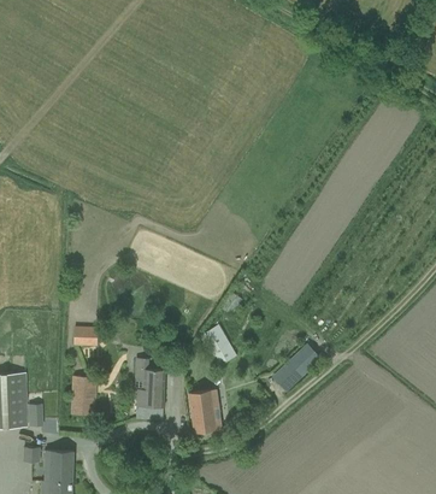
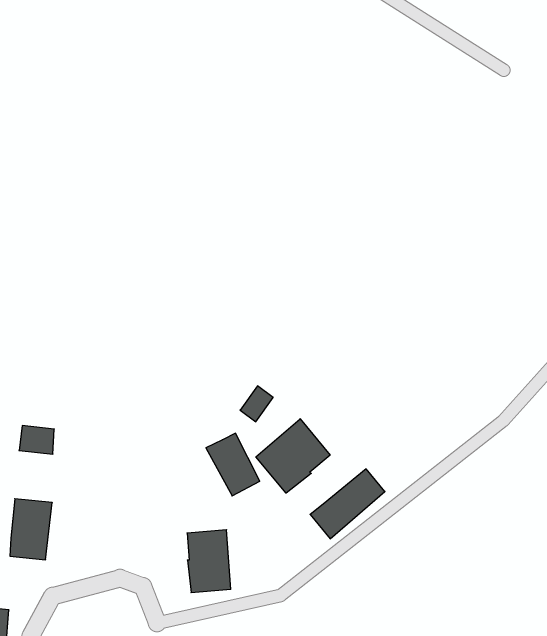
building: none -> [256,419,330,493]
building: [135,358,164,418] -> none

